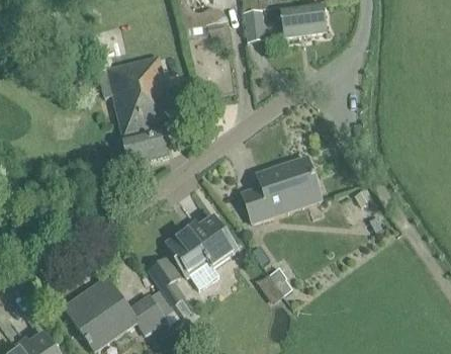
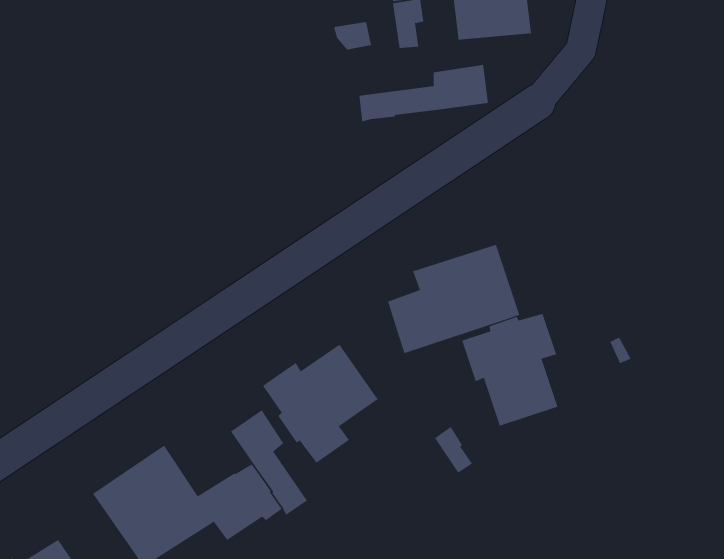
building: none -> [359,64,488,122]
building: [99,57,174,163] -> none
building: none -> [462,313,558,427]

